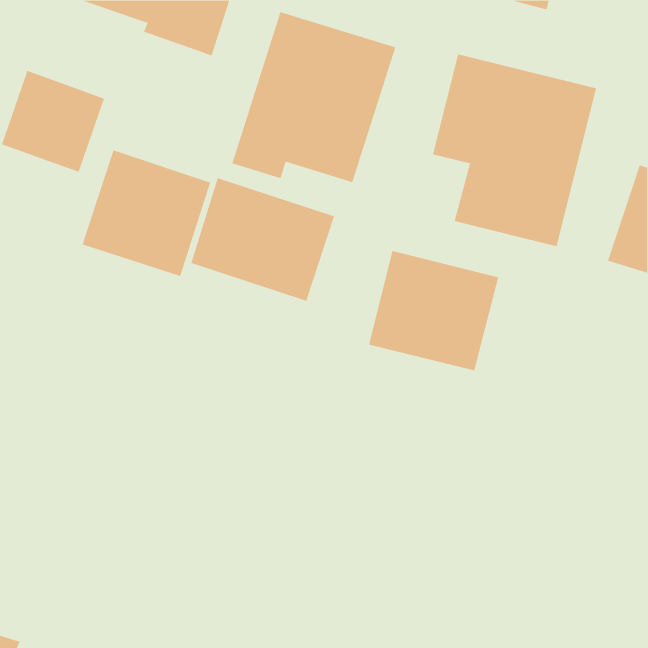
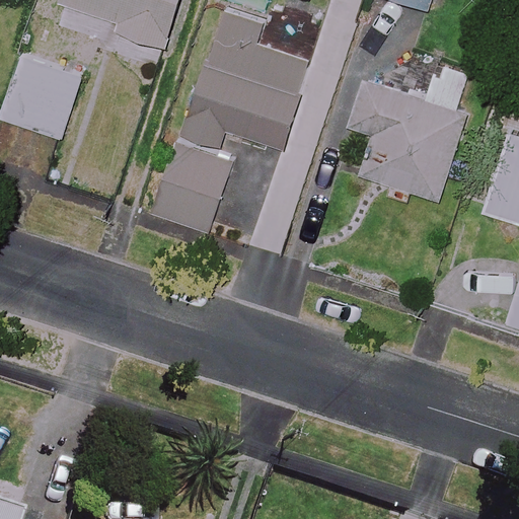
building: [82,149,211,277] -> none
building: [369,250,499,371] -> none

